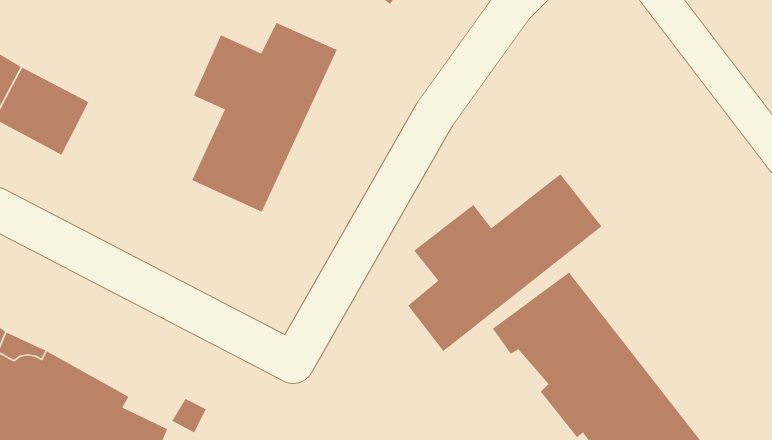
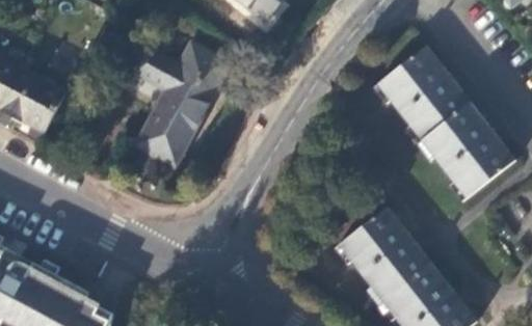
building: none -> [373,47,514,202]
building: [407,173,602,352] -> none

